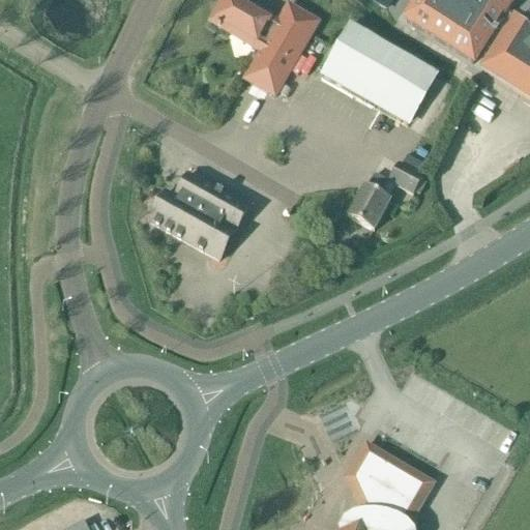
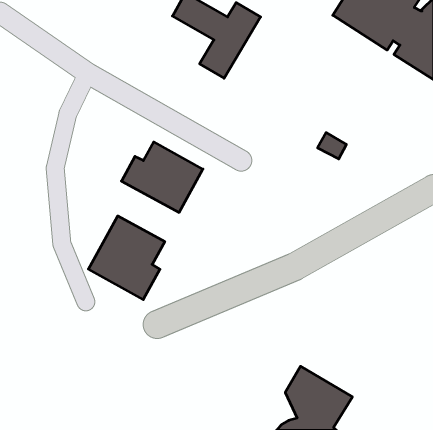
building: [326,25,438,117] -> none
building: [348,172,389,229] -> none
building: none -> [88,216,165,300]

